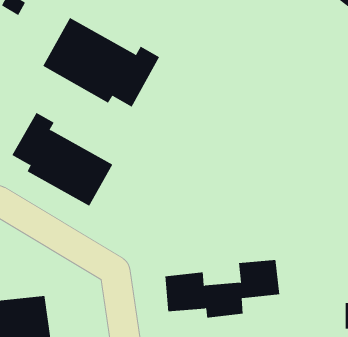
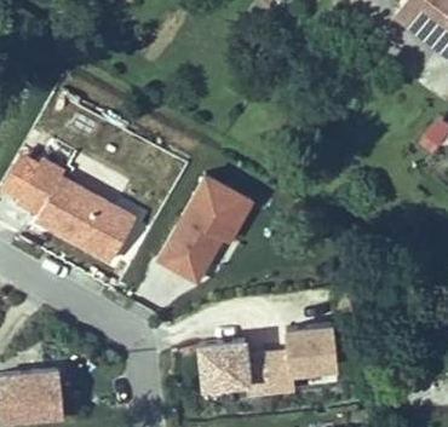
building: [42,17,160,107] -> none
building: none -> [155,173,254,288]

